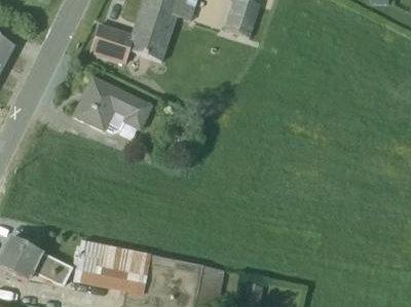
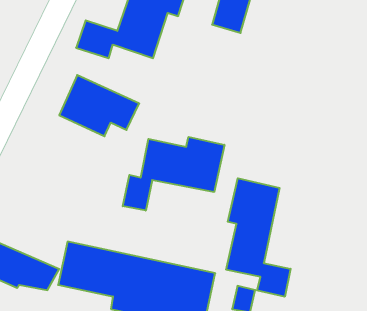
building: none -> [123,137,224,211]
building: none -> [226,178,291,297]

